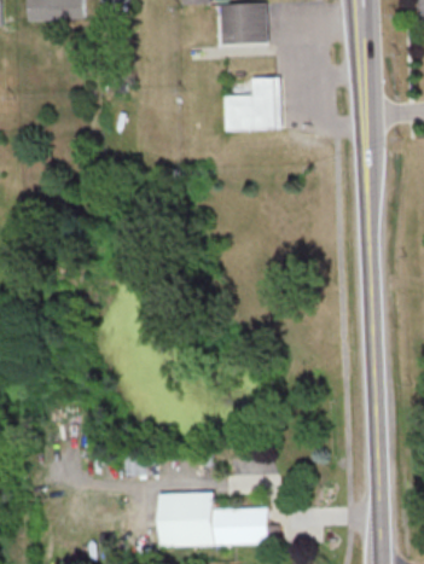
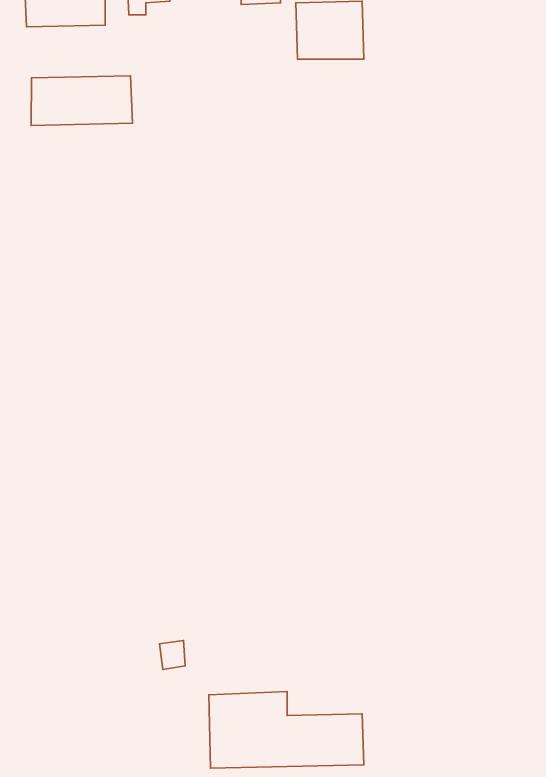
building: none -> [31,76,132,125]
building: [225,77,278,130] -> none

